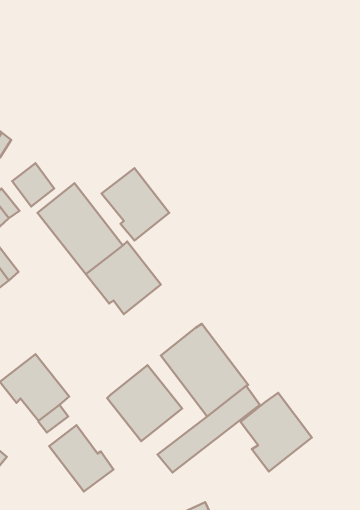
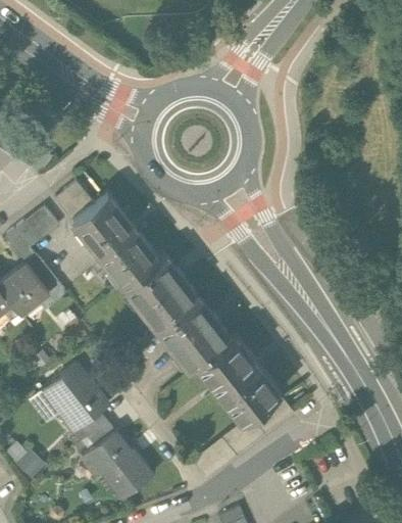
building: [102,168,169,241] -> none
building: [107,365,182,441] -> [157,296,230,370]
building: [241,393,312,471] -> none

